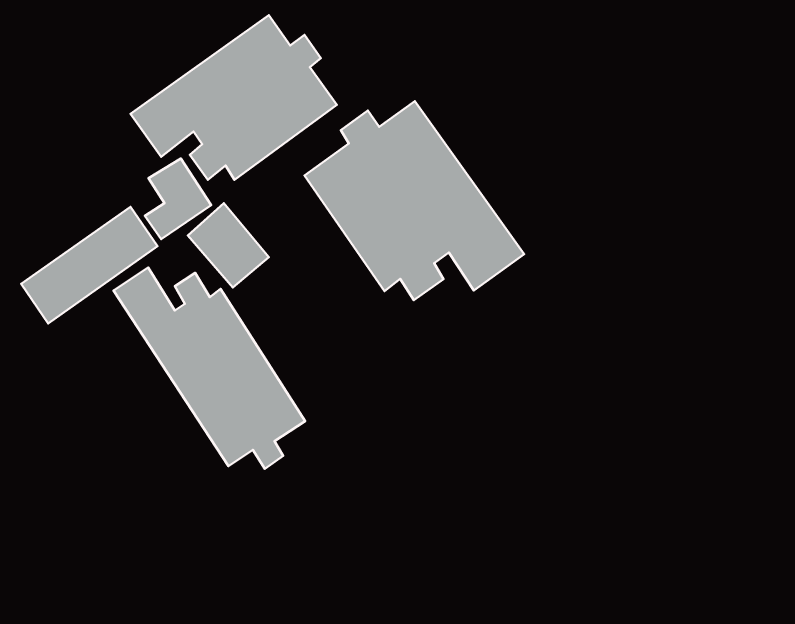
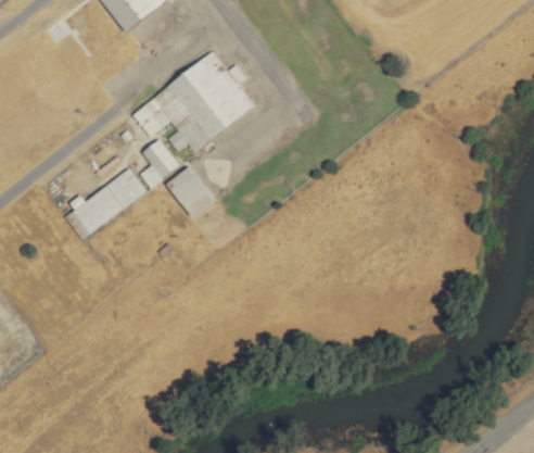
building: [304,101,524,300] -> none
building: [113,268,305,469] -> none

